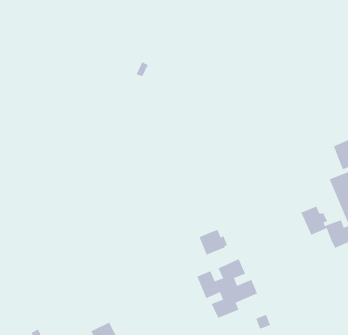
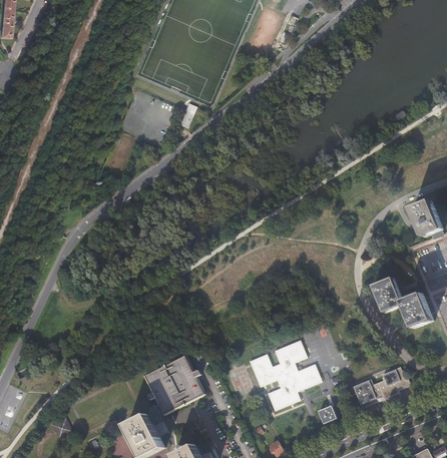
building: [199,229,228,256] -> none
building: none -> [145,356,204,414]
building: none -> [349,367,410,407]

